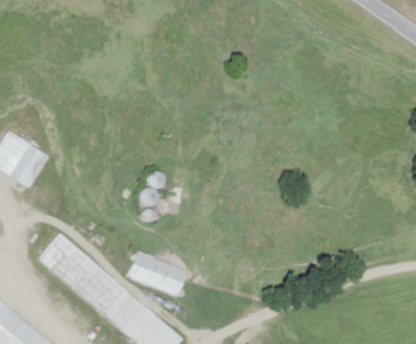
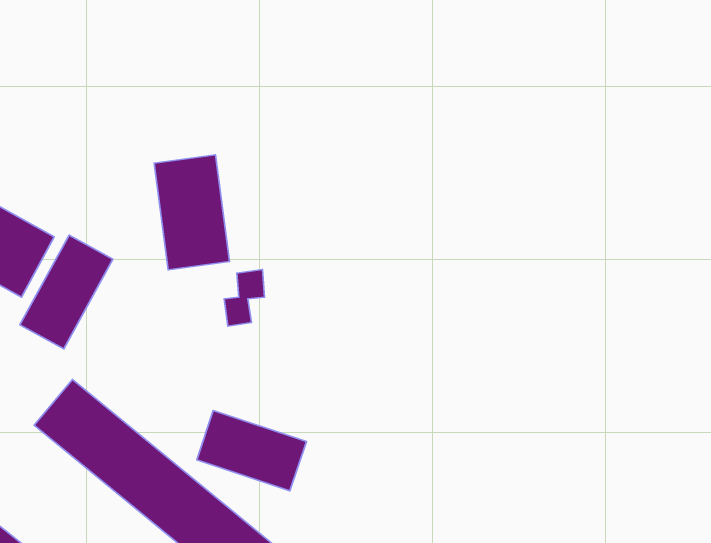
building: none -> [154,155,230,270]
building: none -> [20,235,113,349]

